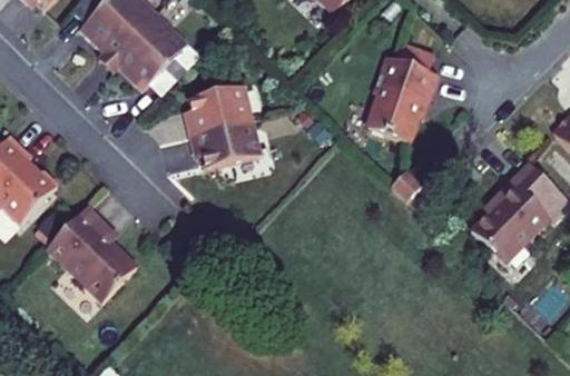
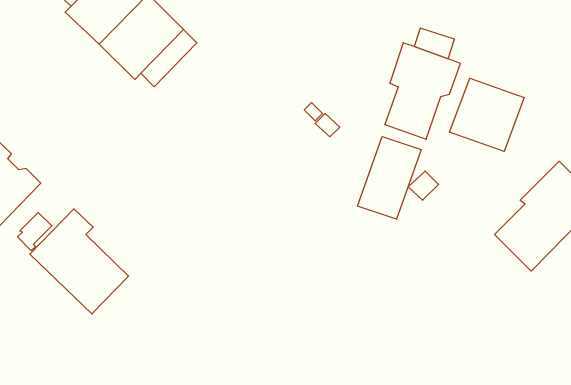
building: [187,86,261,167] -> none
building: none -> [450,78,524,152]
building: none -> [358,137,421,219]

